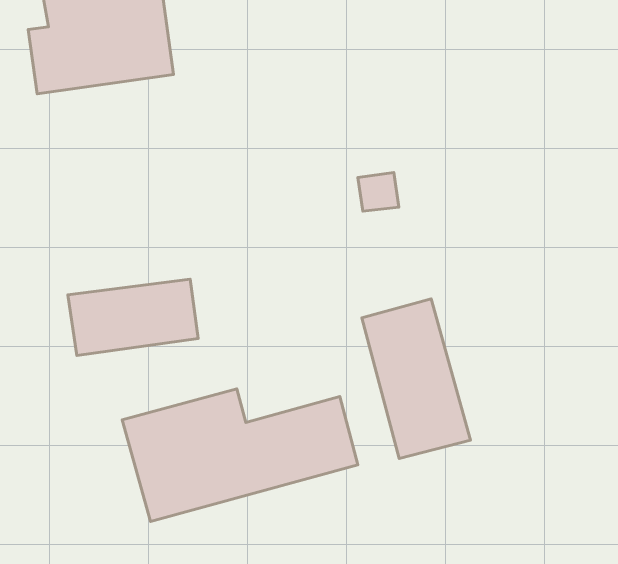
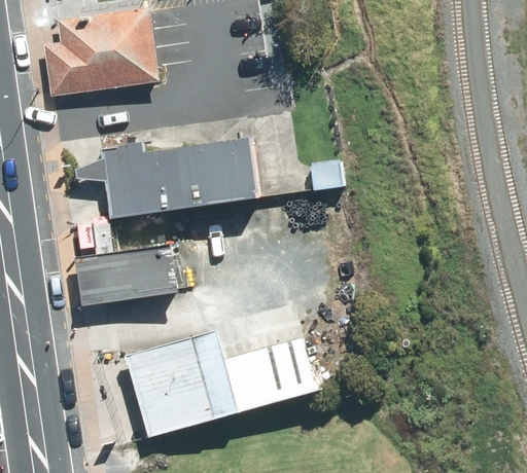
building: none -> [102,137,259,218]
building: [362,299,470,458] -> none

